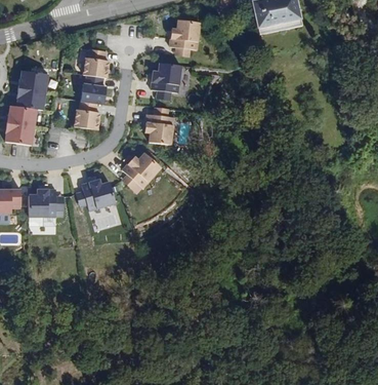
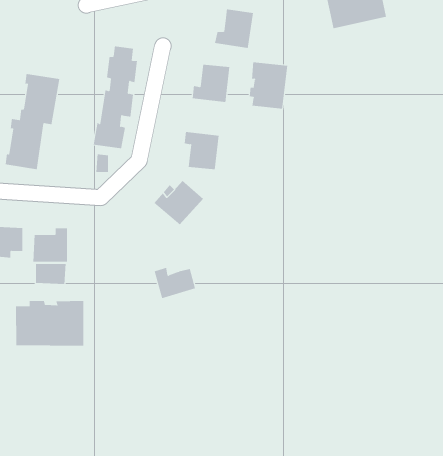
building: none -> [249,61,288,109]
building: [80,181,113,205] -> [154,267,196,299]
building: none -> [16,300,84,346]

